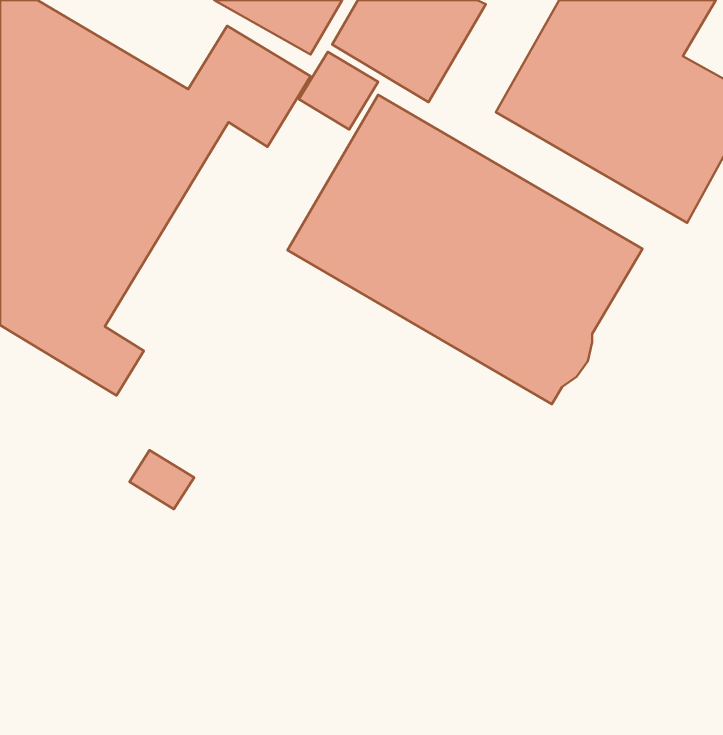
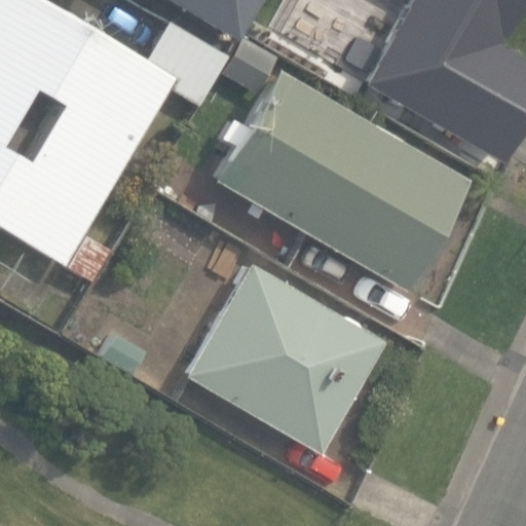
building: none -> [187,263,384,452]

